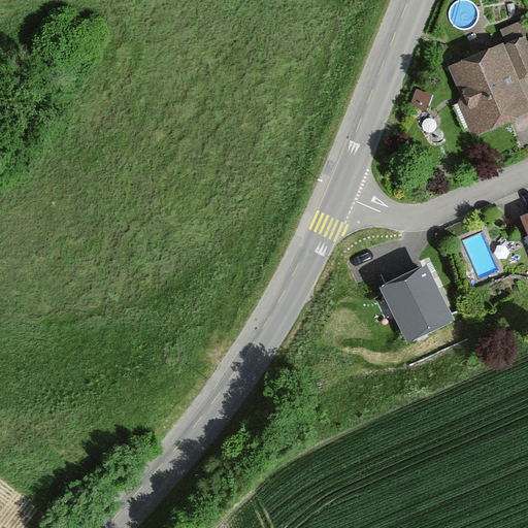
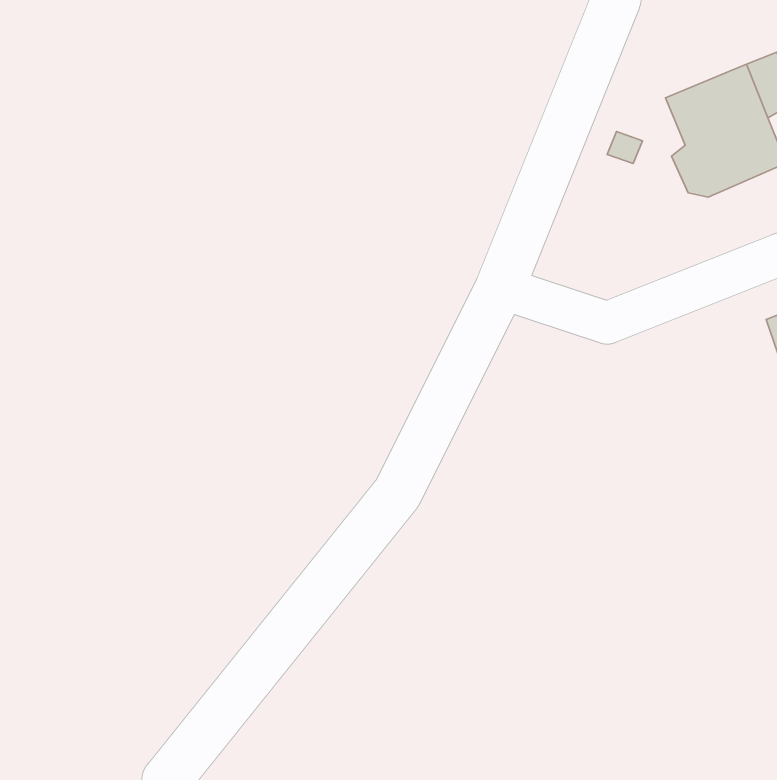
building: [387,267,453,337] -> none

